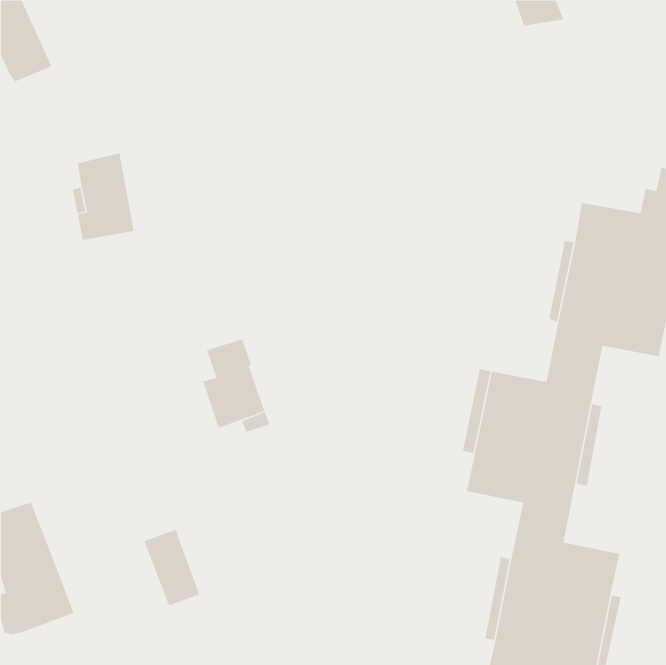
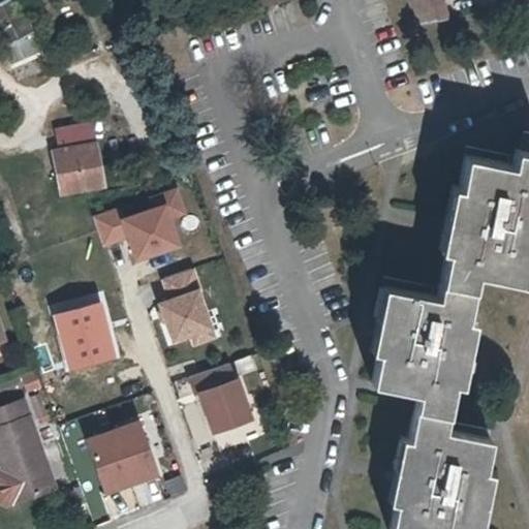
building: none -> [95,190,186,259]
building: none -> [59,306,113,366]
building: none -> [191,364,253,432]
building: none -> [90,430,134,491]

